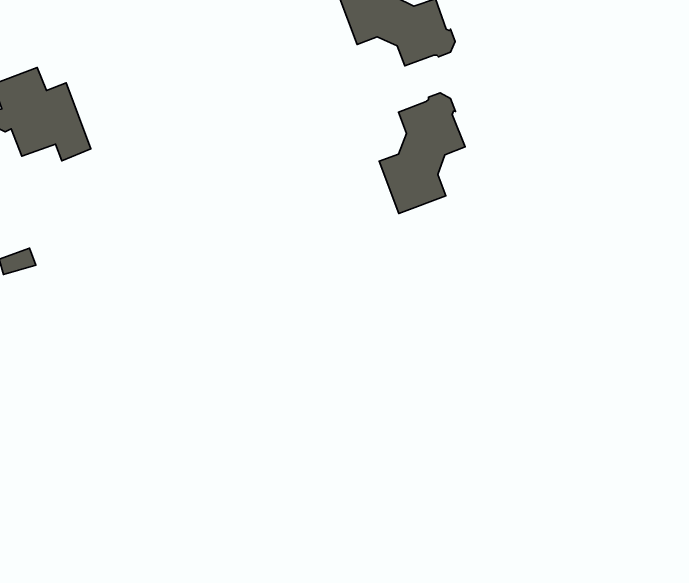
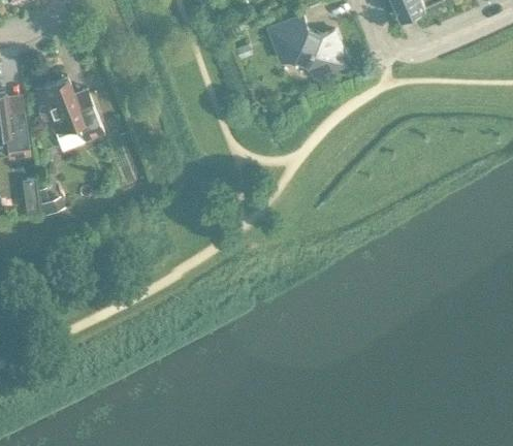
building: [379,93,465,214] -> none

